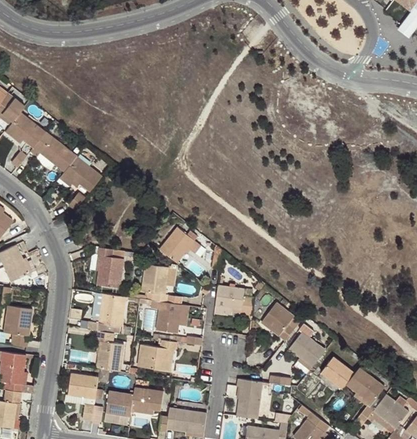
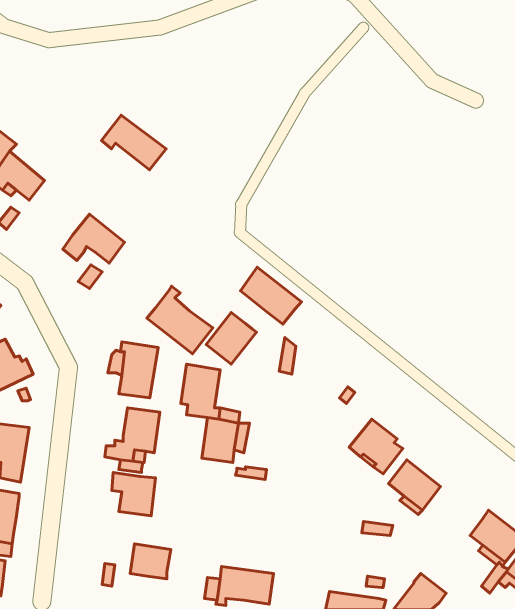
building: [30,132,76,171] -> [102,115,166,170]
building: none -> [240,267,302,324]
building: none -> [147,286,213,354]
building: [215,285,255,315] -> none
building: [139,339,177,371] -> none
building: [321,356,356,390] -> none
building: [68,373,98,398] -> none
building: [237,379,263,417] -> none
building: [131,388,163,414] -> none

